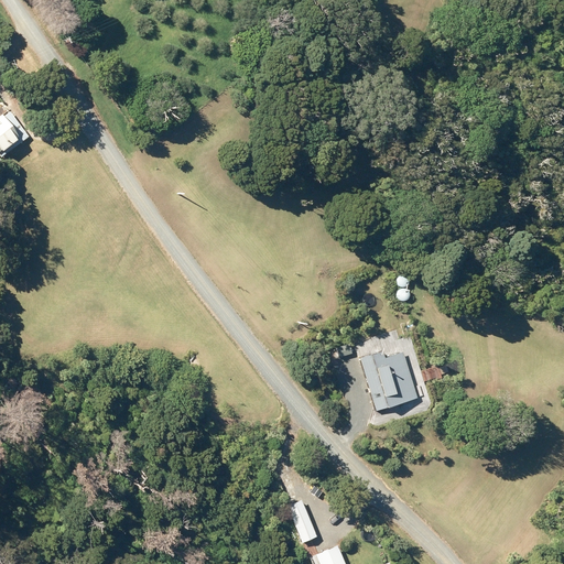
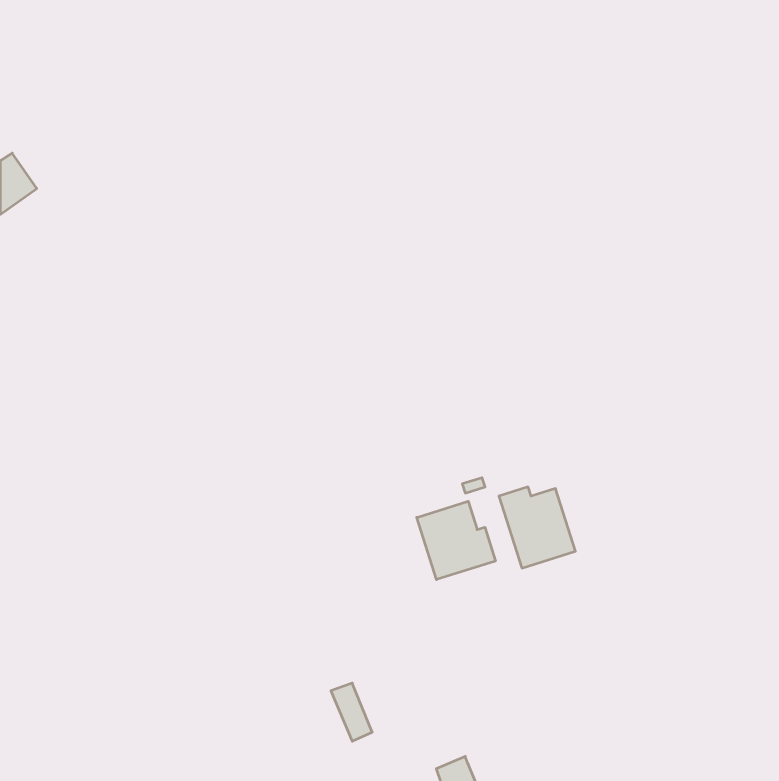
building: none -> [417,501,495,580]
building: [285,500,315,542] -> [331,683,372,741]

